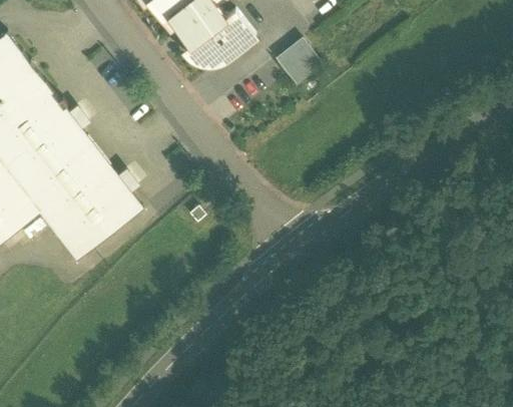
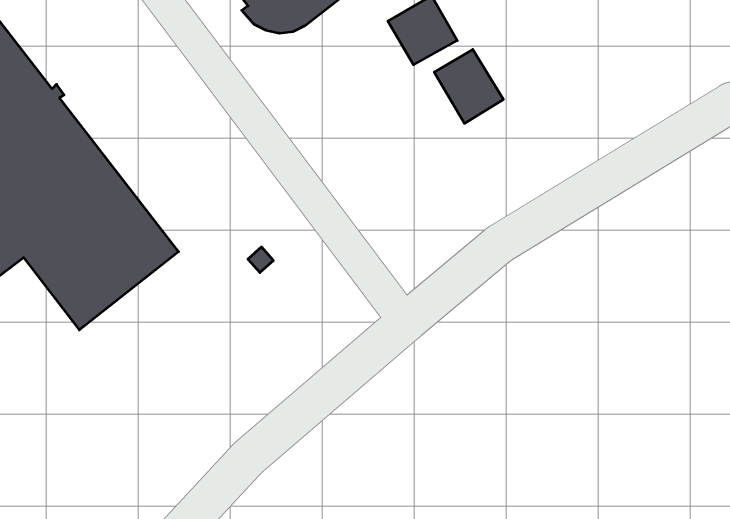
building: none -> [434,49,503,123]

